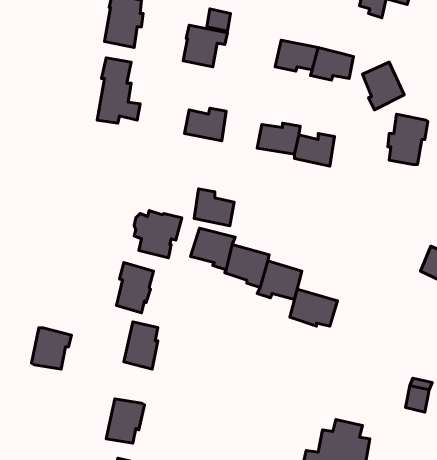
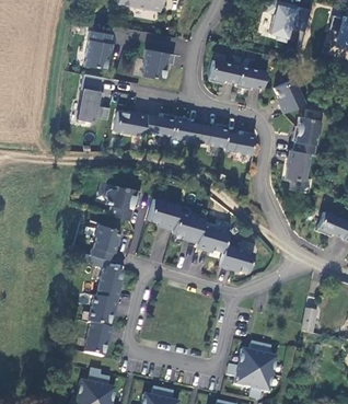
building: none -> [112,107,146,132]
building: none -> [286,147,311,178]
building: [194,189,234,226] -> [170,112,199,139]
building: [31,328,71,369] -> [89,297,118,327]

